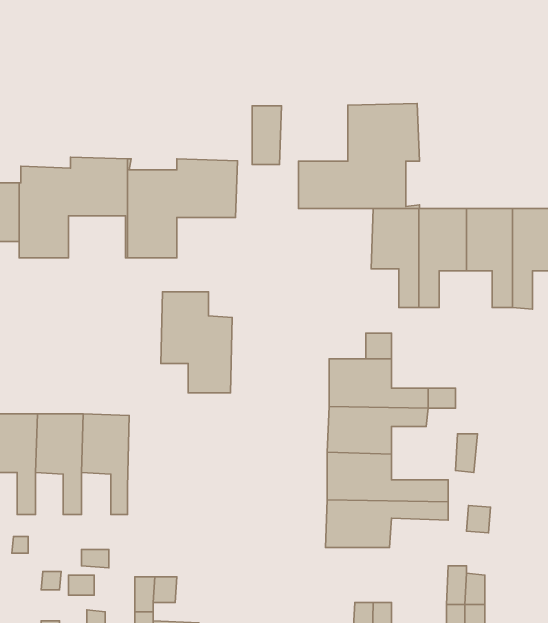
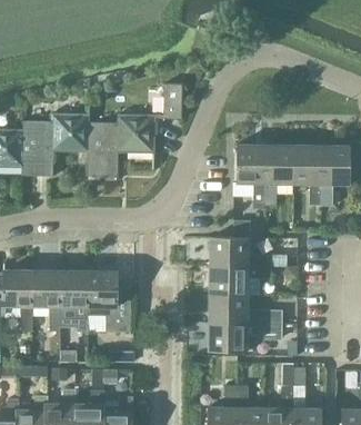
building: [298,104,419,208] -> none
building: [161,292,232,393] -> [88,273,131,334]

